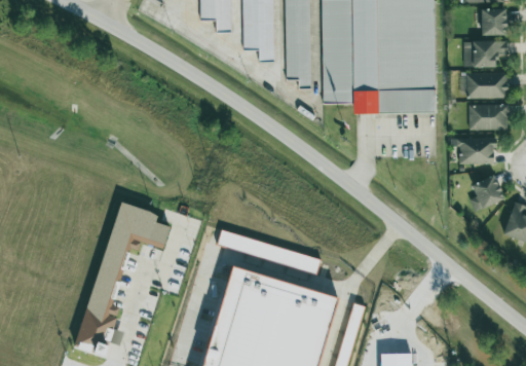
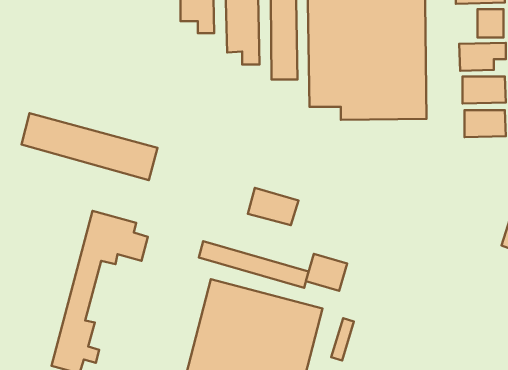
building: none -> [21,113,157,180]
building: [451,139,498,164] -> none
building: [469,176,505,213] -> none
building: none -> [248,188,298,225]
building: none -> [306,254,347,291]

